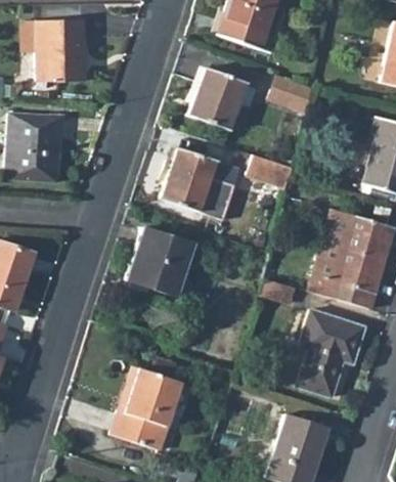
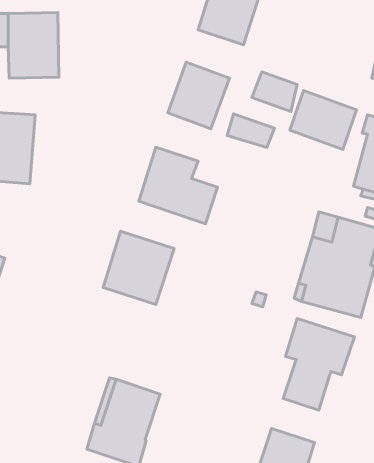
building: none -> [290,91,356,149]
building: [247,155,292,186] -> [227,114,275,147]

